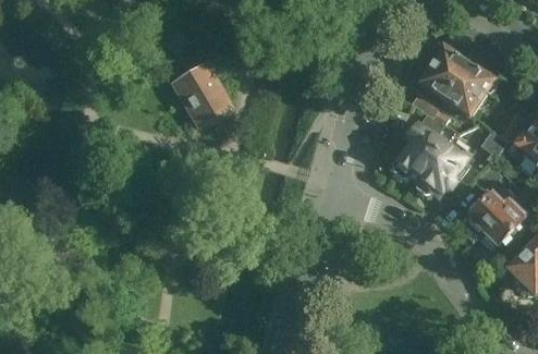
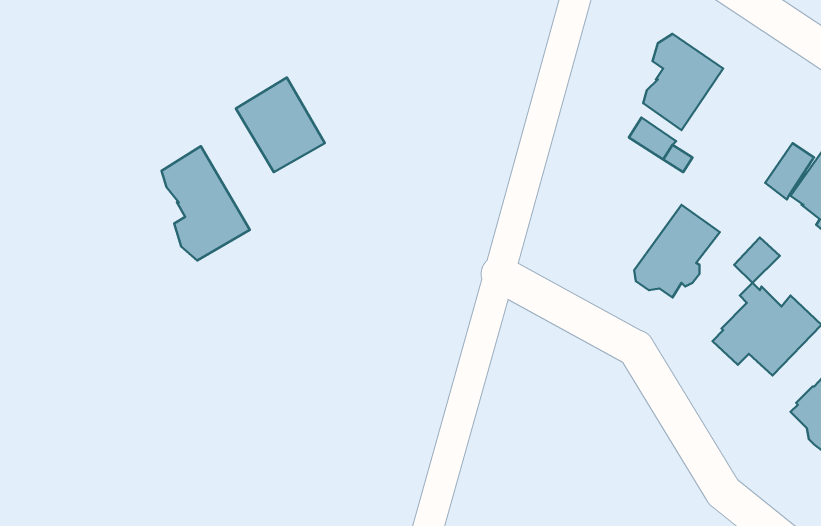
building: [444,62,498,115] -> none
building: none -> [162,146,250,261]
building: [394,124,444,183] -> none

